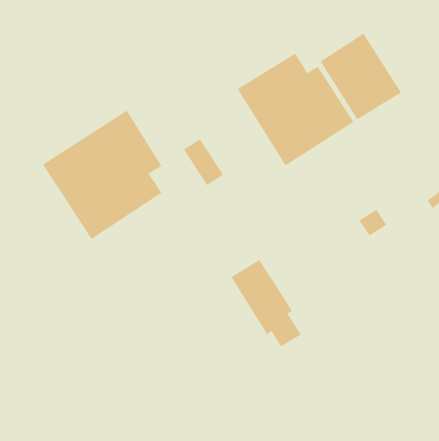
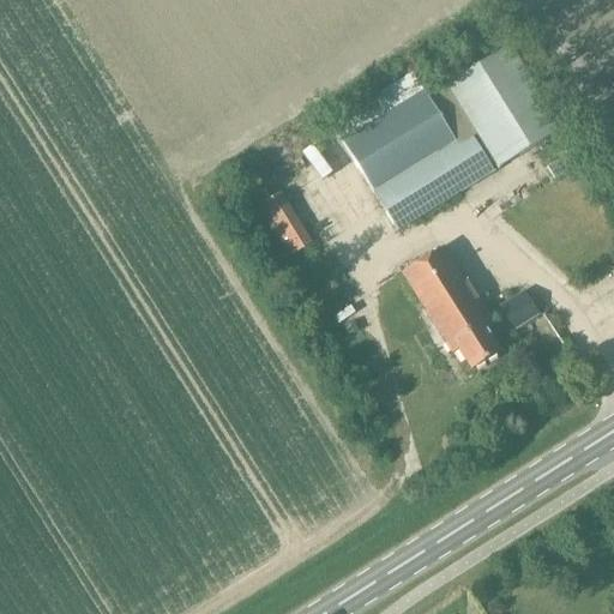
building: [42,110,162,240] -> none
building: [230,259,301,347] -> [404,247,502,369]

